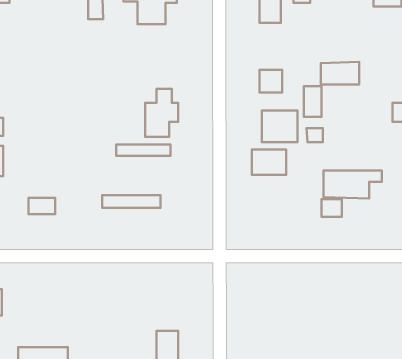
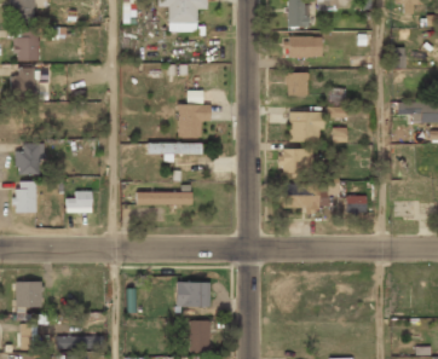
building: [321,62,359,85] -> [286,35,322,57]
building: [324,171,382,198] -> [283,183,339,209]
building: none -> [175,283,208,308]

